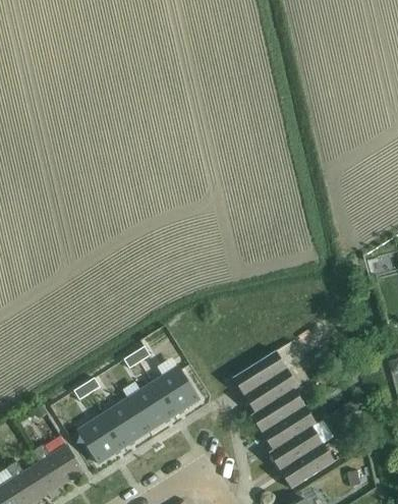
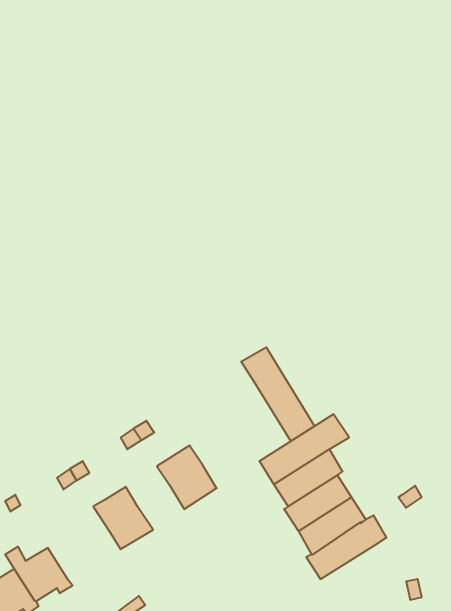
building: none -> [241,347,314,441]
building: [128,382,174,432] -> none
building: [77,413,124,463] -> none
building: [281,444,335,488] -> none

